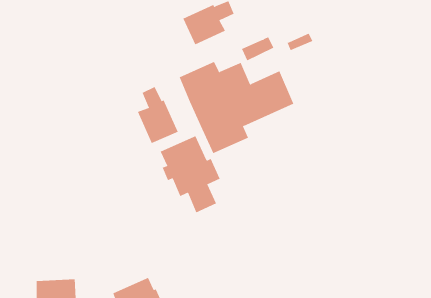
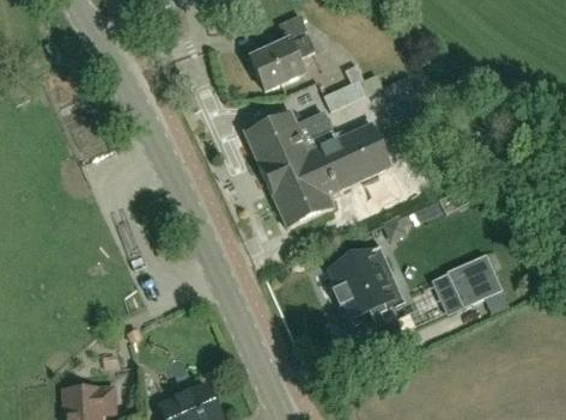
building: [137,86,178,144] -> none
building: [160,135,220,213] -> [329,248,406,346]
building: none -> [431,252,503,315]

